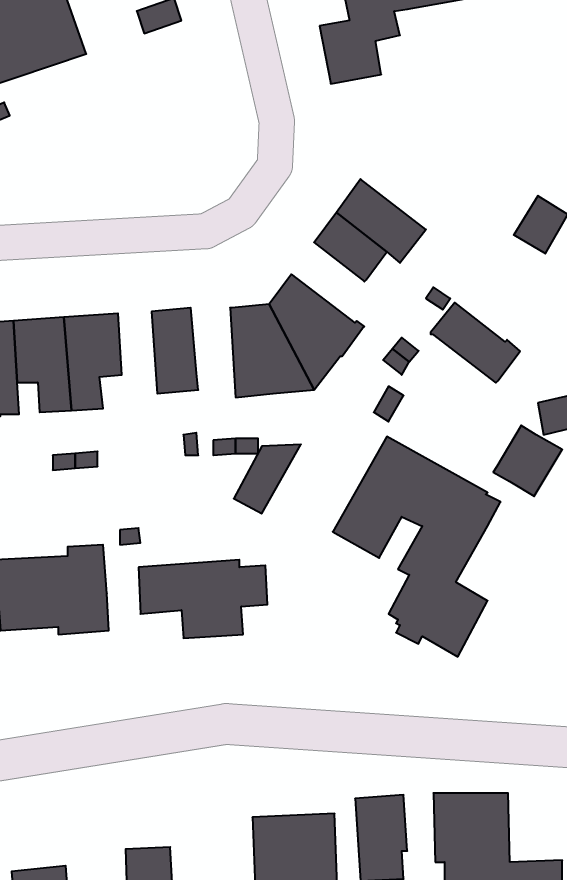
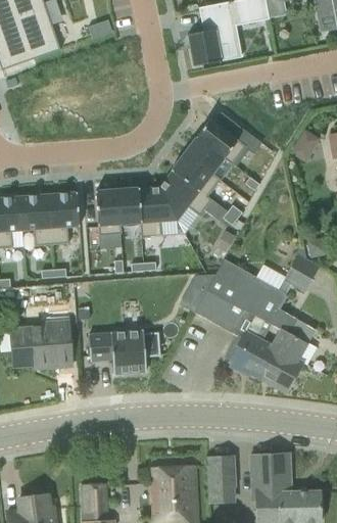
building: [431,303,520,383] -> [172,153,221,197]
building: none -> [117,188,141,225]
building: [234,444,301,514] -> [180,274,216,312]
building: none -> [262,308,316,392]

